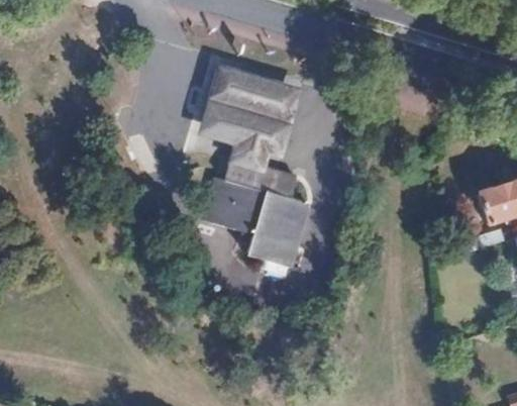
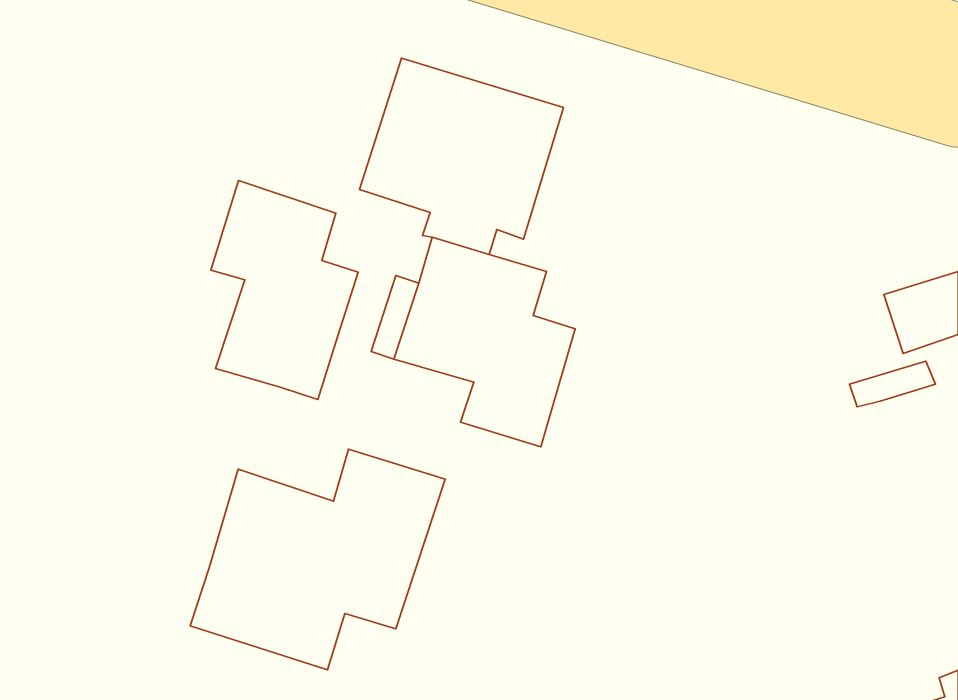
building: none -> [211,181,358,400]
building: none -> [190,449,445,670]

